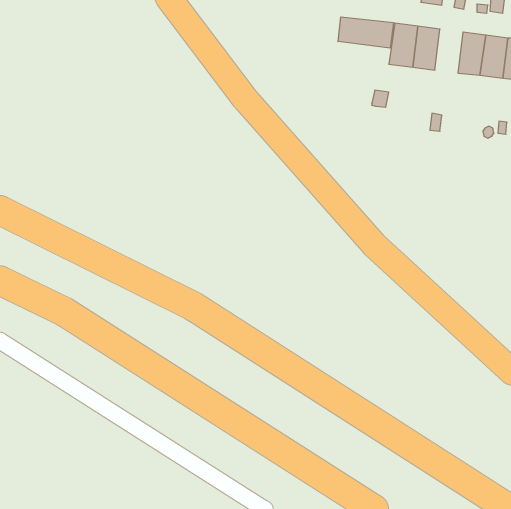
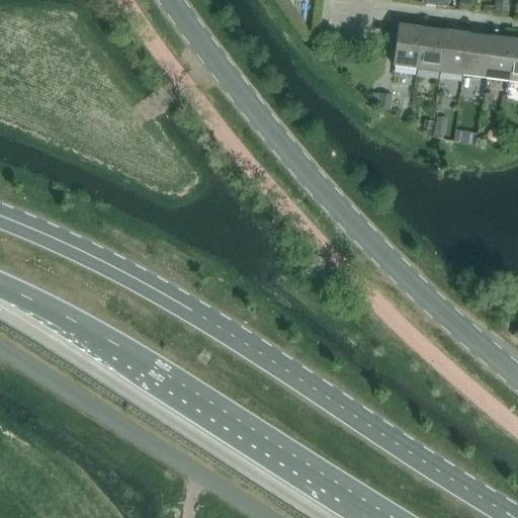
building: [338,17,393,48] -> none
building: none -> [440,29,468,74]

